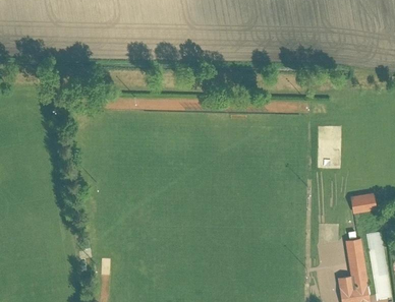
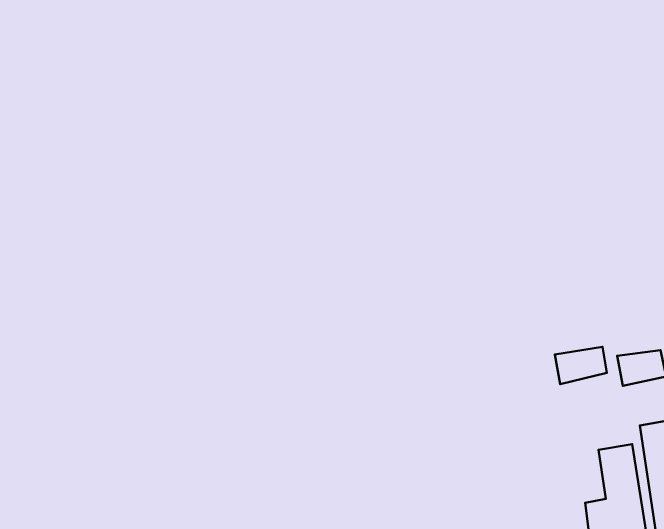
building: none -> [555,347,607,384]

